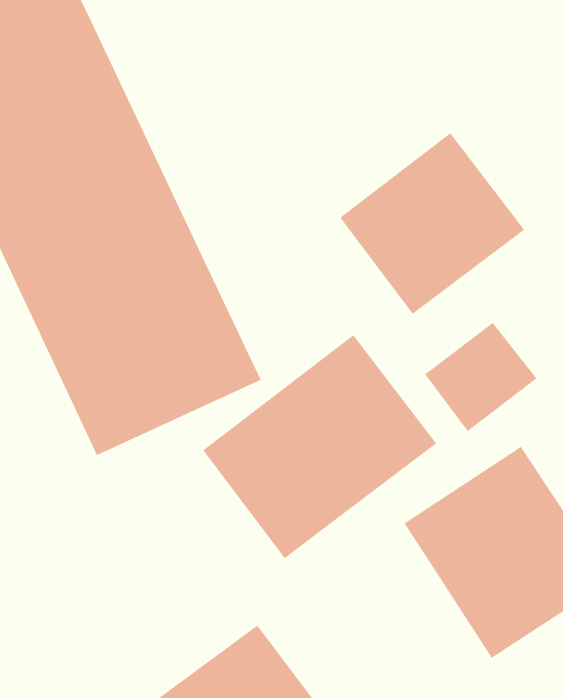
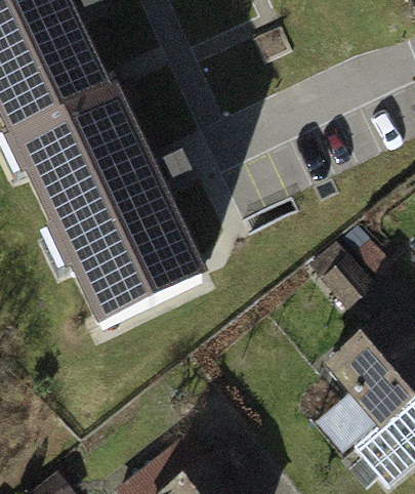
building: [339,132,525,315] -> none
building: [202,334,437,559] -> none

